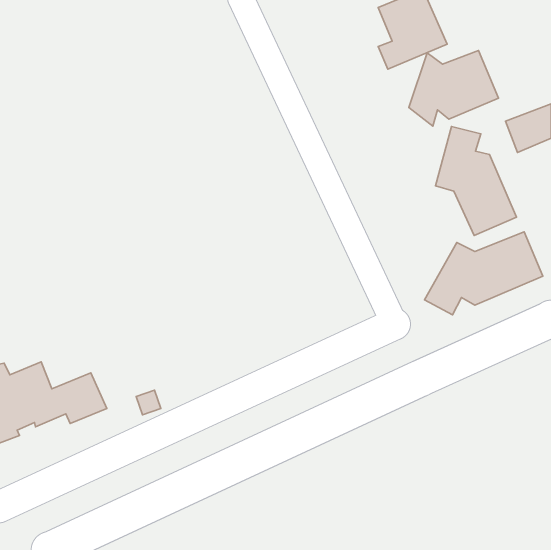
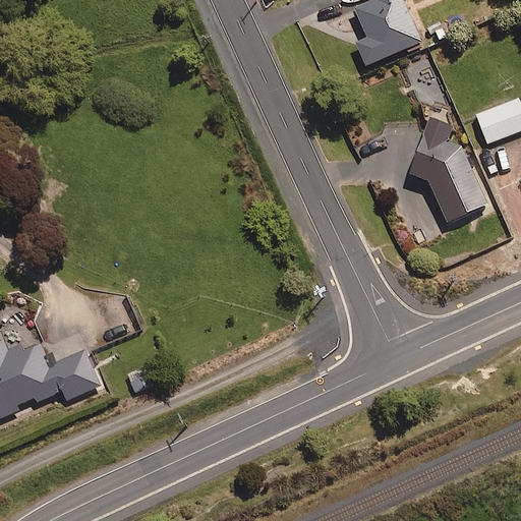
building: [409,50,499,126] -> none
building: [424,232,543,315] -> none

